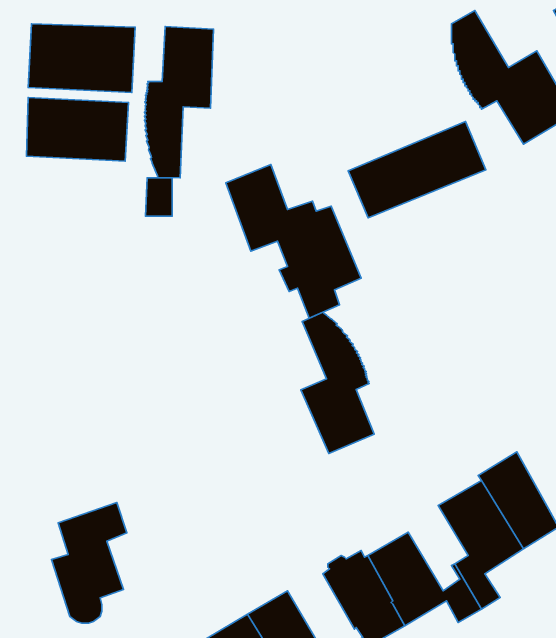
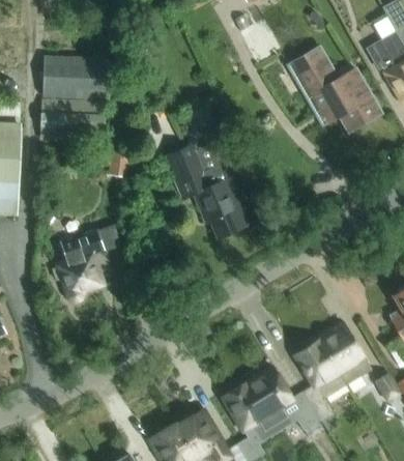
building: [144,27,213,178] -> none
building: [348,122,486,218] -> none
building: [301,312,374,453] -> none
building: [52,503,127,623] -> [56,230,103,305]

